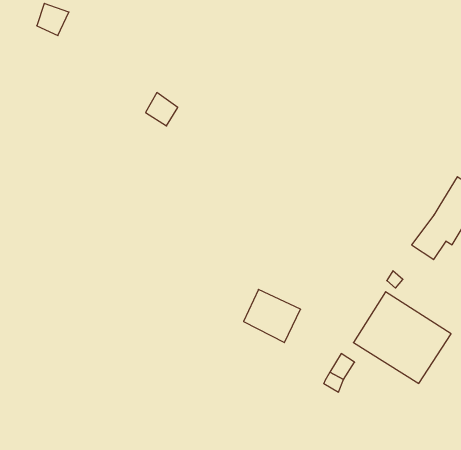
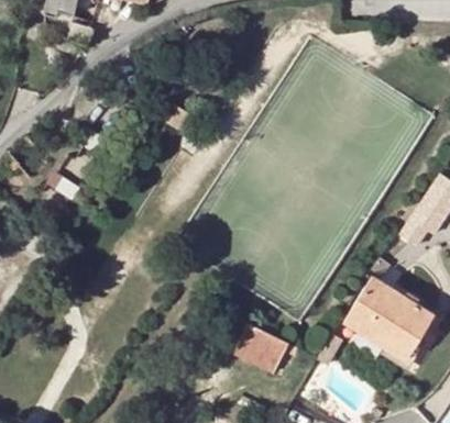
building: [244,289,301,343] -> [237,326,287,374]

